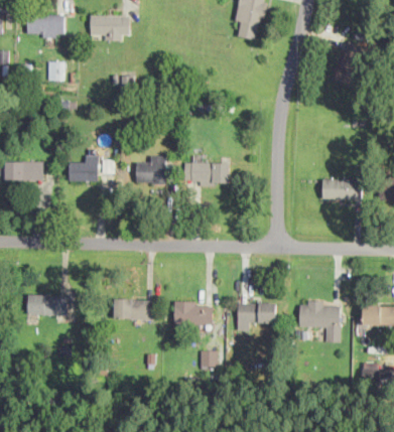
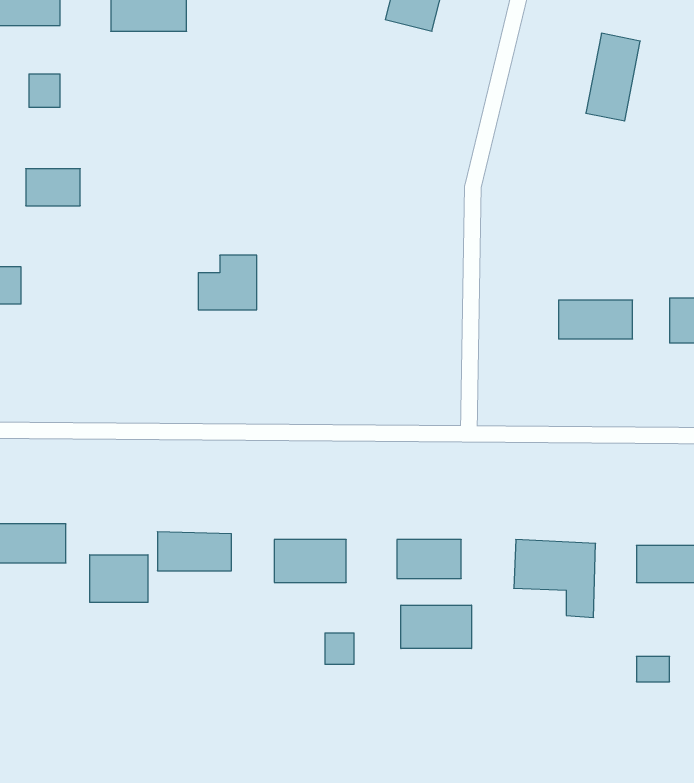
building: [69,162,97,181] -> [26,169,80,206]
building: [184,162,230,186] -> none
building: none -> [90,555,148,602]
building: none -> [401,605,471,649]

